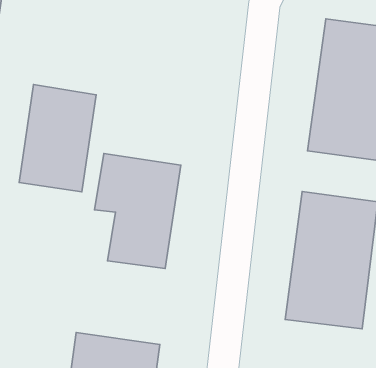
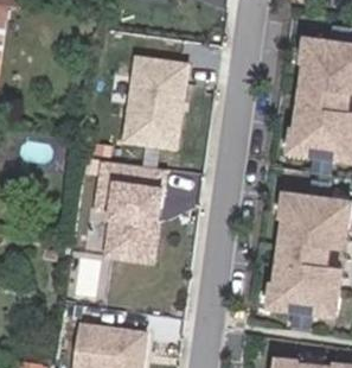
building: [19,85,96,192] -> [120,51,190,148]

